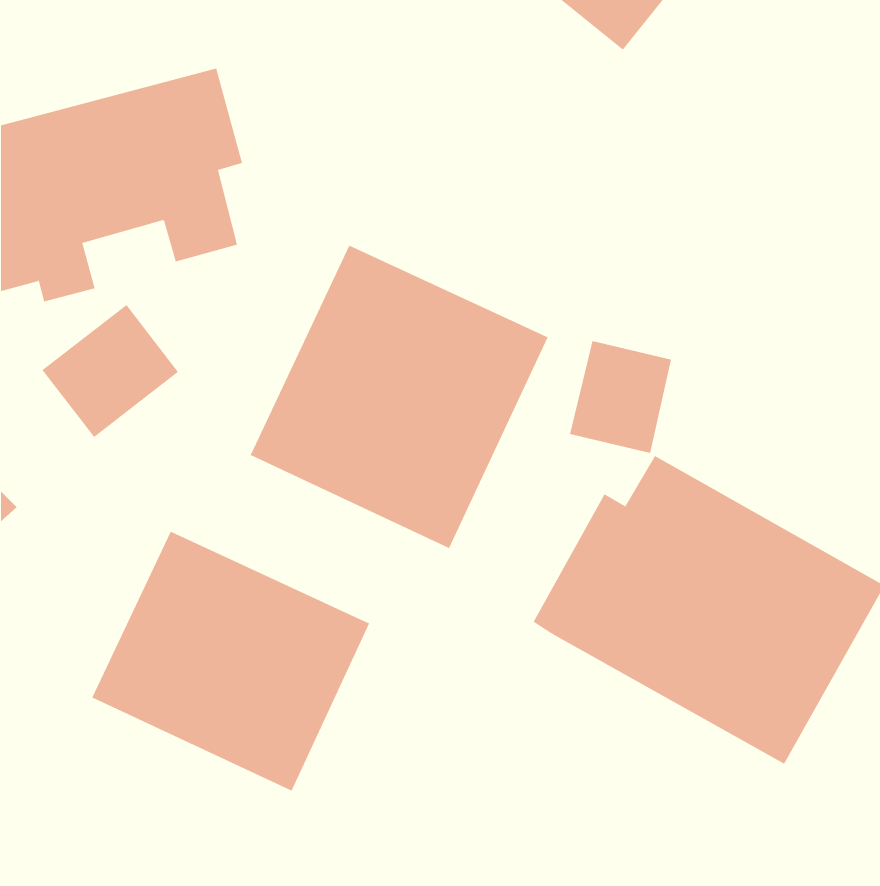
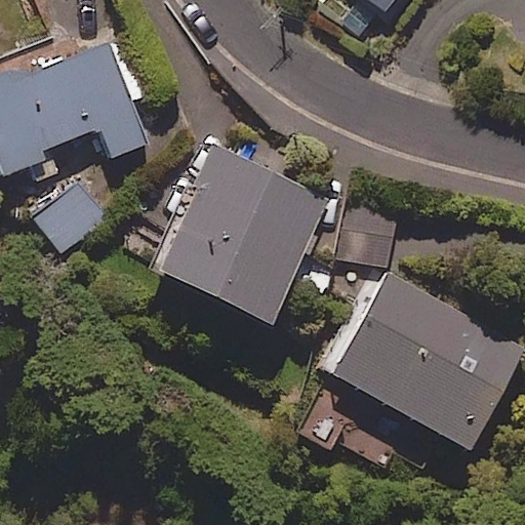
building: [91,531,370,791] -> none

